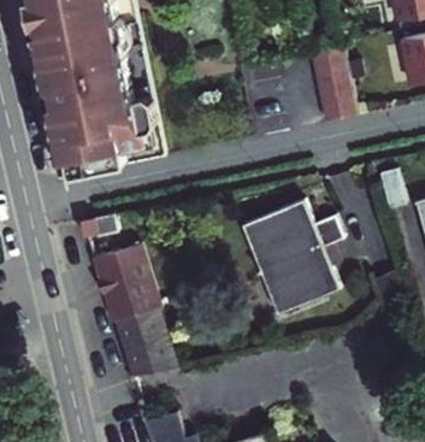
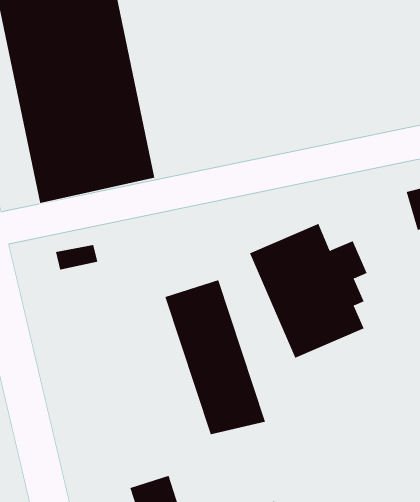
building: [311,47,355,124] -> none
building: [92,246,177,377] -> [165,280,266,435]

